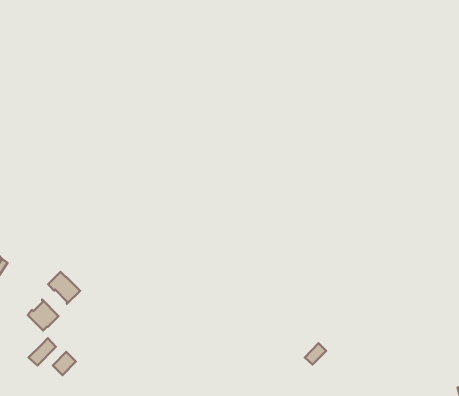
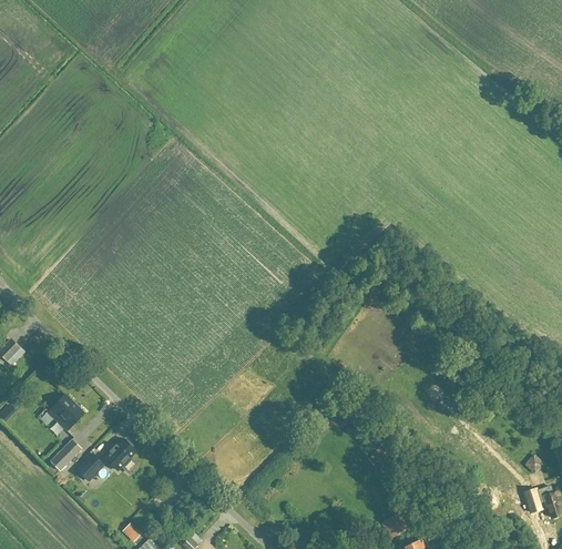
building: [48,272,80,304] -> none
building: none -> [102,439,133,471]

